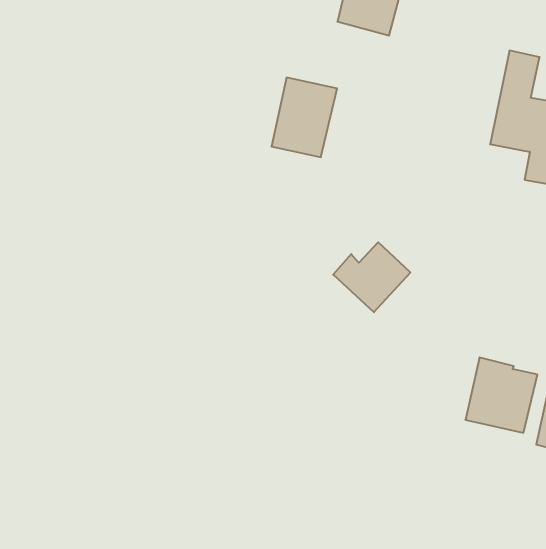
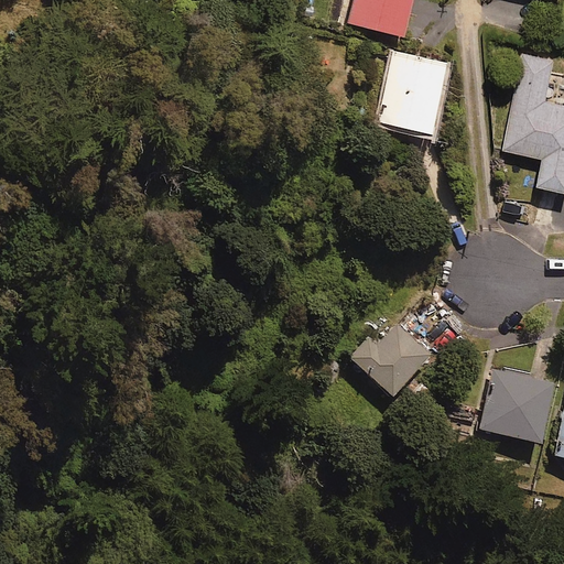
building: [271,78,337,157] -> [379,52,446,133]
building: [333,242,410,312] -> [350,325,430,397]

